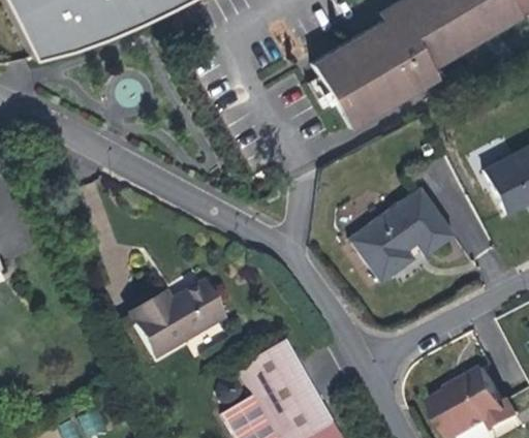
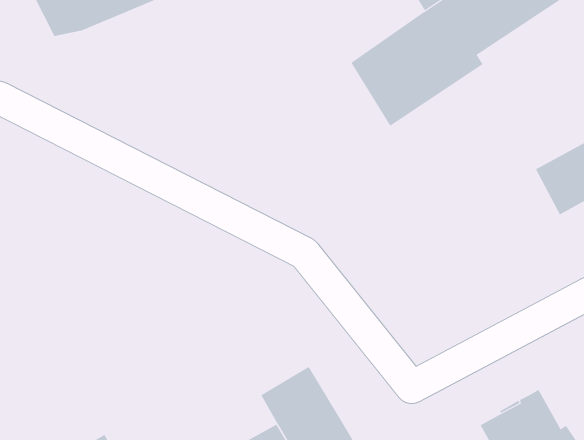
building: [349,185,455,280] -> none
building: [129,283,222,357] -> none

